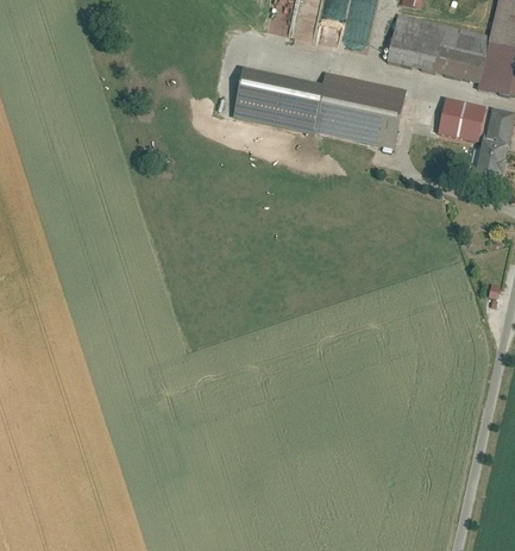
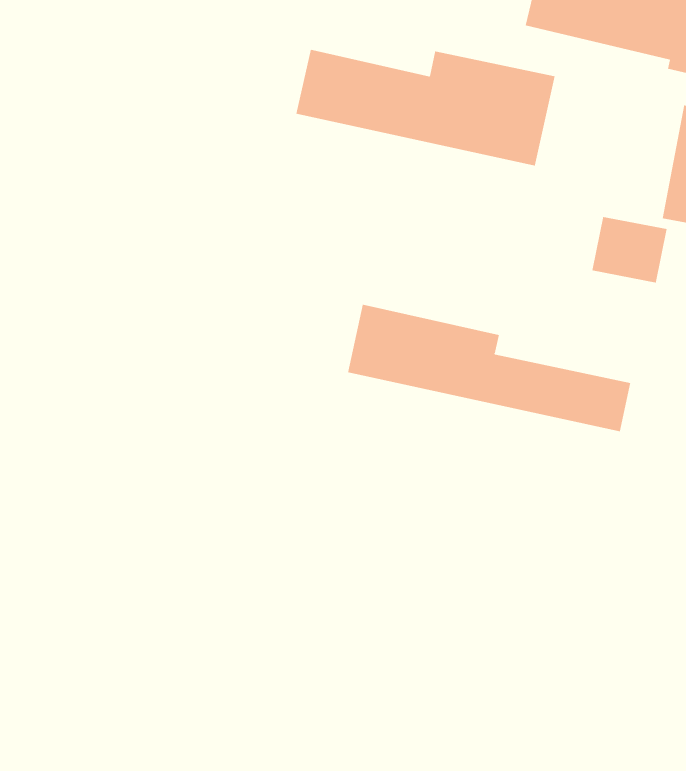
building: [438,101,488,145] -> [592,216,667,283]
building: none -> [348,304,631,432]

